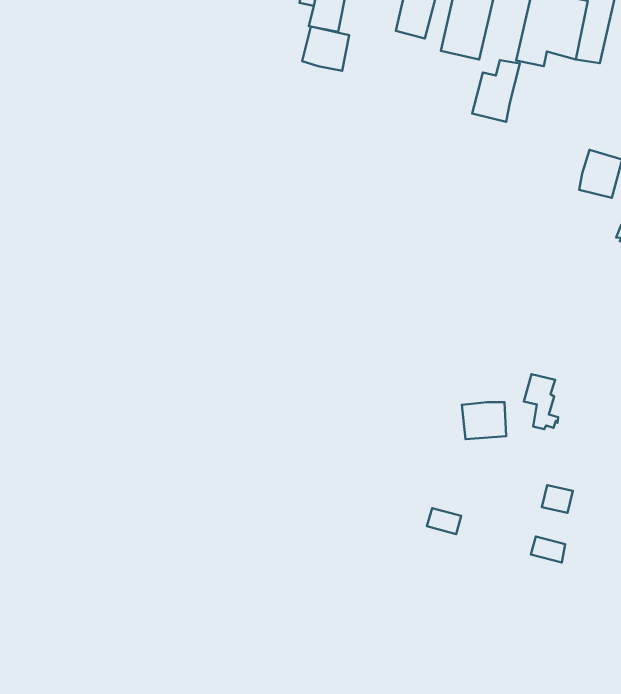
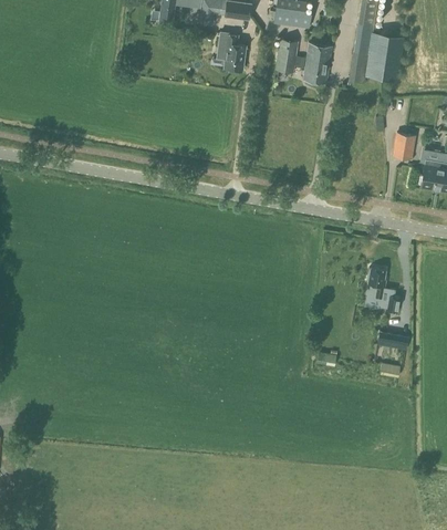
building: [302,26,349,71] -> none
building: [472,60,520,122] -> none
building: [462,402,506,439] -> none

